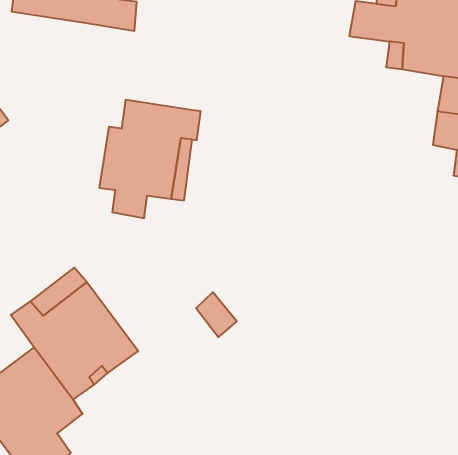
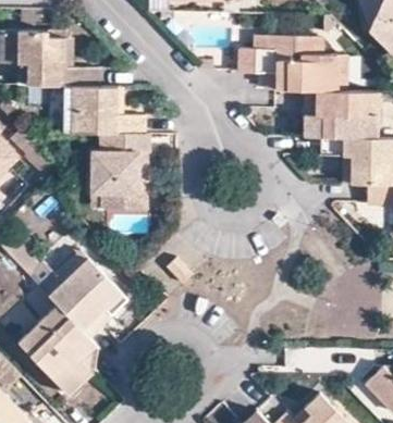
building: none -> [64,87,146,136]

